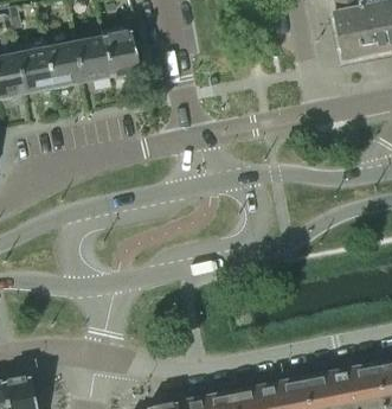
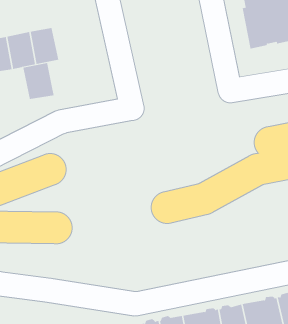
building: [102,31,141,76] -> [22,62,55,99]

